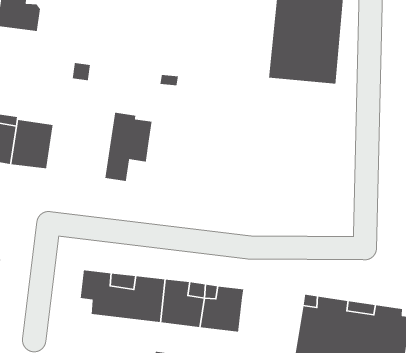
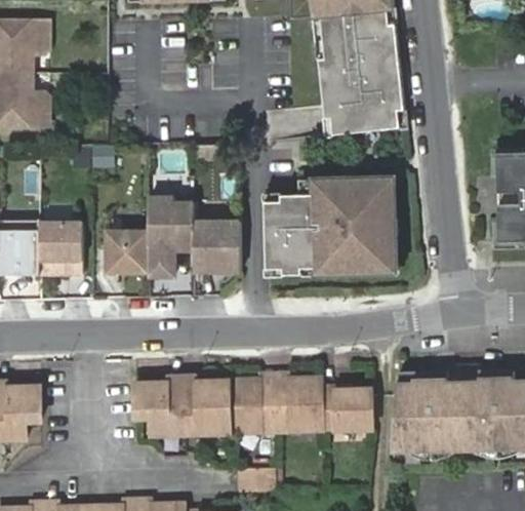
building: none -> [265,181,387,276]
building: none -> [110,234,150,273]
building: none -> [195,223,239,271]
building: none -> [328,389,379,430]

